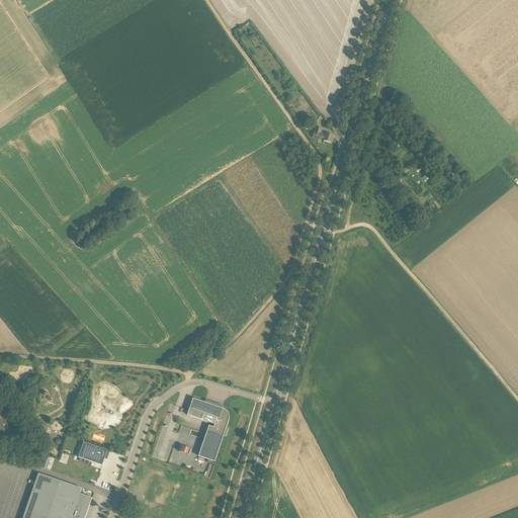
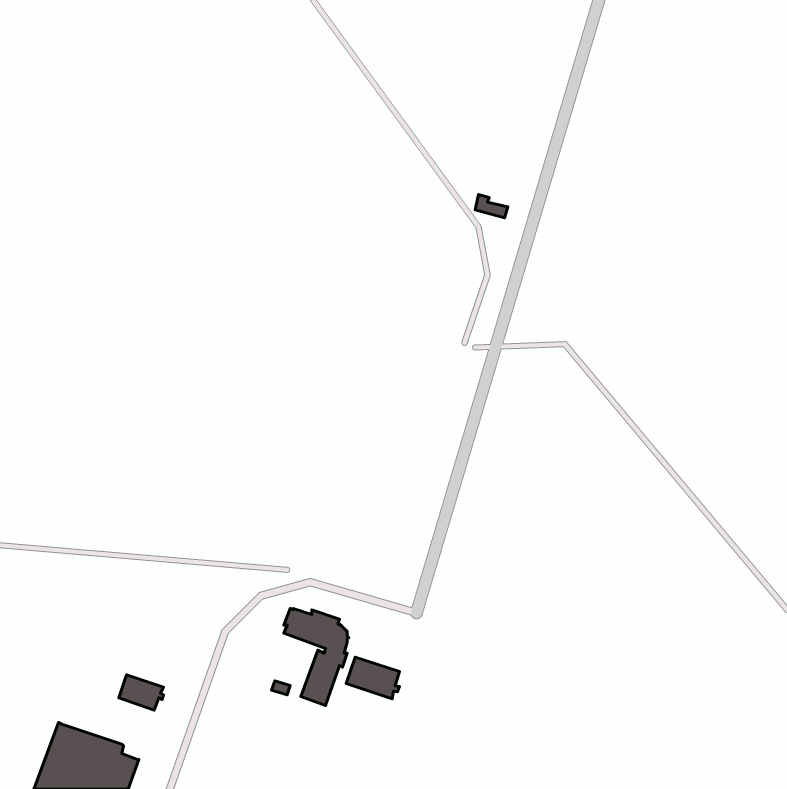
building: none -> [346,657,399,699]

